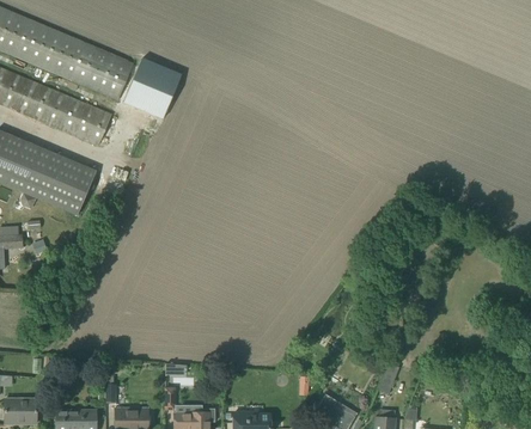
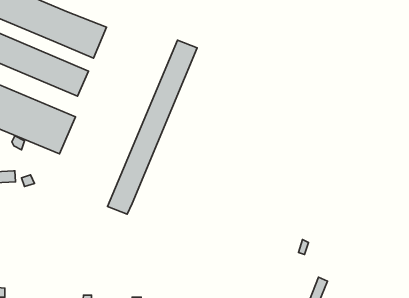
building: [122,57,181,118] -> none
building: none -> [107,40,197,214]

